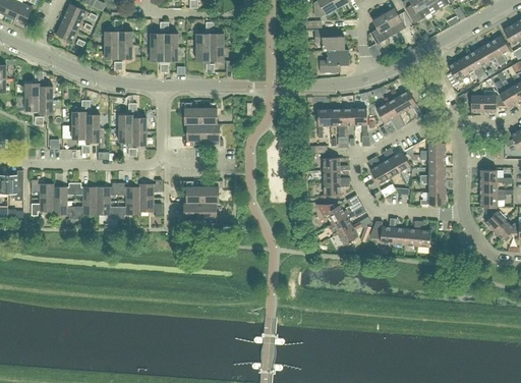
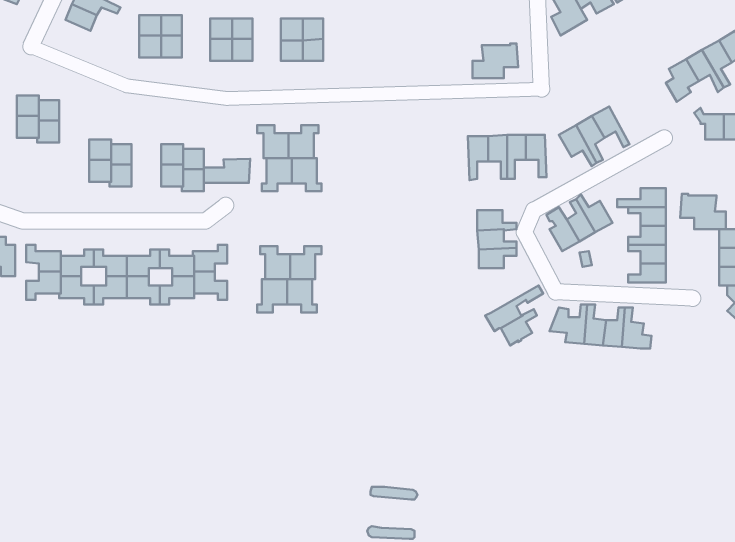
building: [314,30,344,52] -> none
building: none -> [204,159,250,183]
building: none -> [680,194,726,229]
building: [315,201,362,224] -> none

